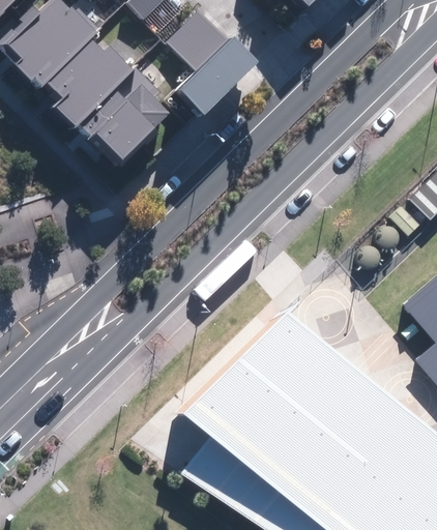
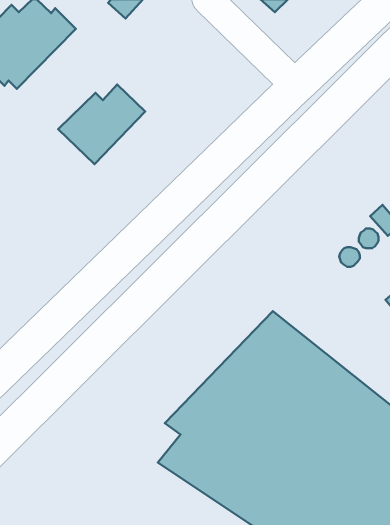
building: [168,18,252,122] -> none
building: [46,47,128,132] -> none

